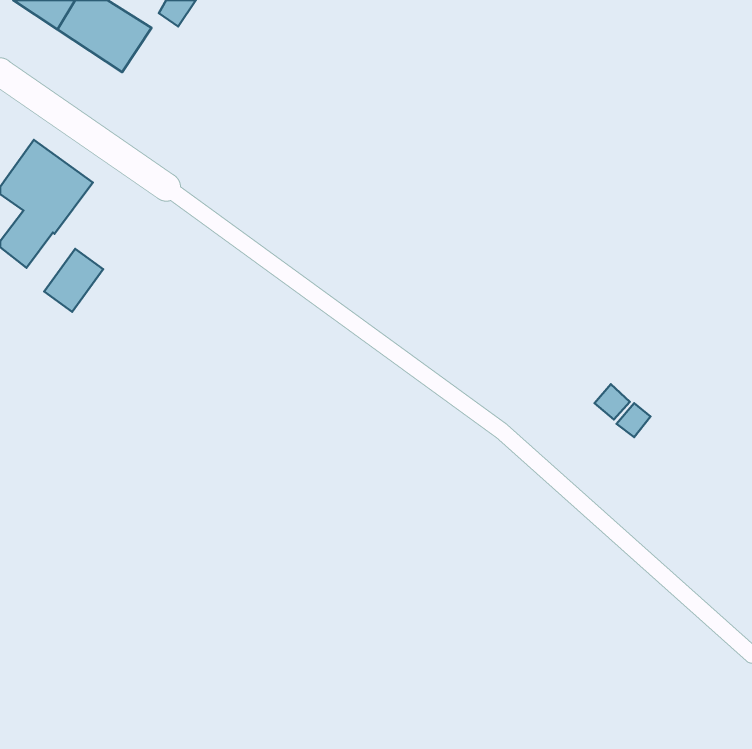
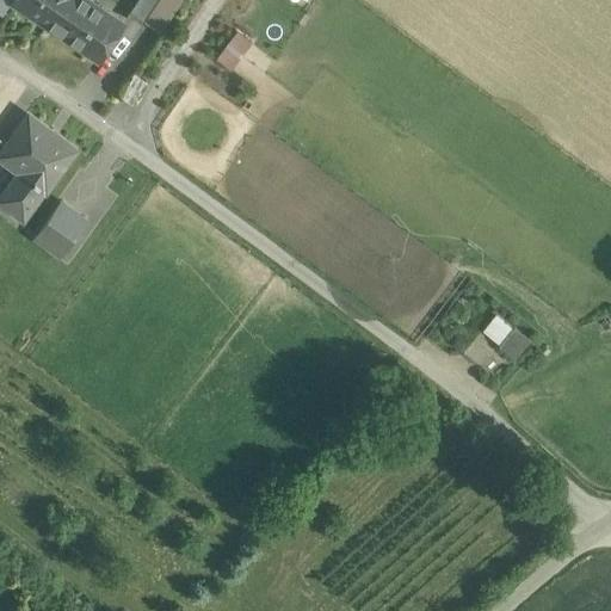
building: none -> [215,30,253,69]

